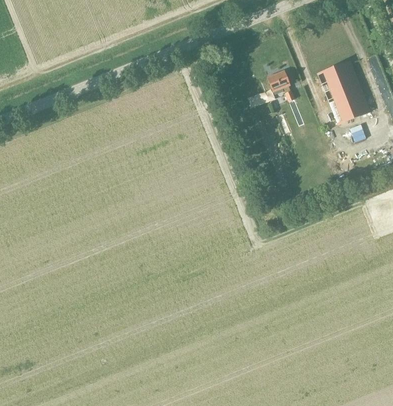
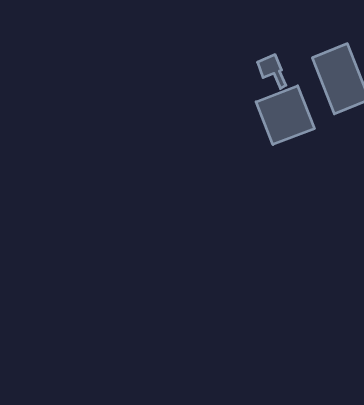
building: none -> [256,86,314,145]

